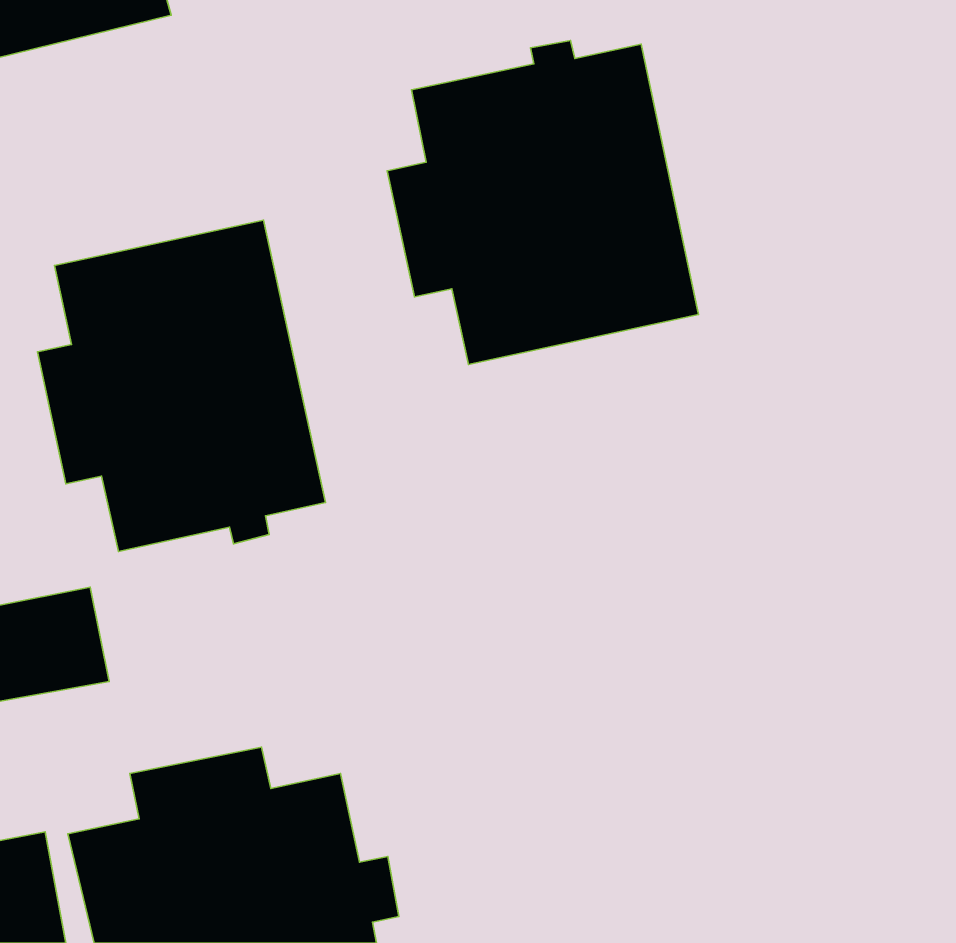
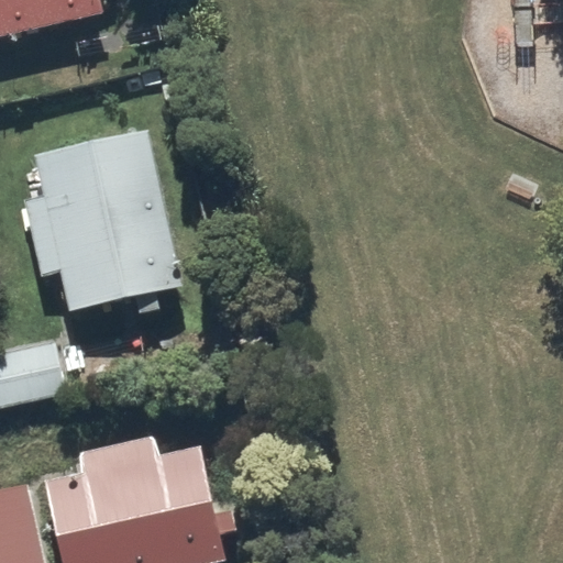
building: [387,41,698,364] -> none

